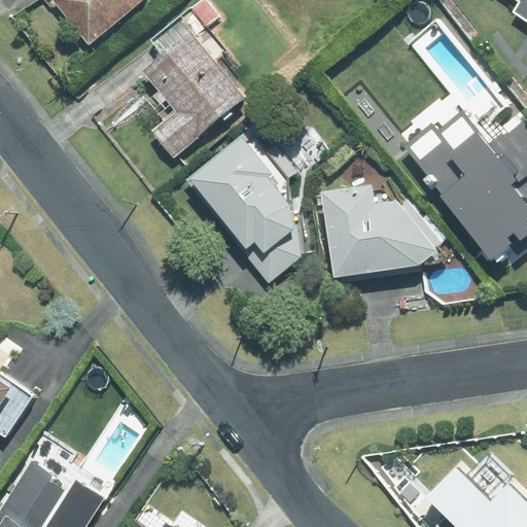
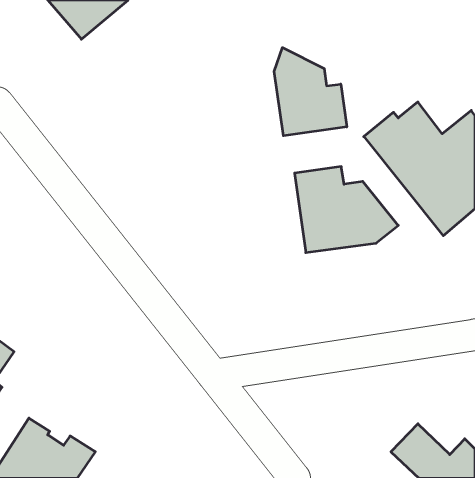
building: [146,32,248,156] -> none
building: none -> [274,48,347,136]
building: [187,121,301,280] -> none

